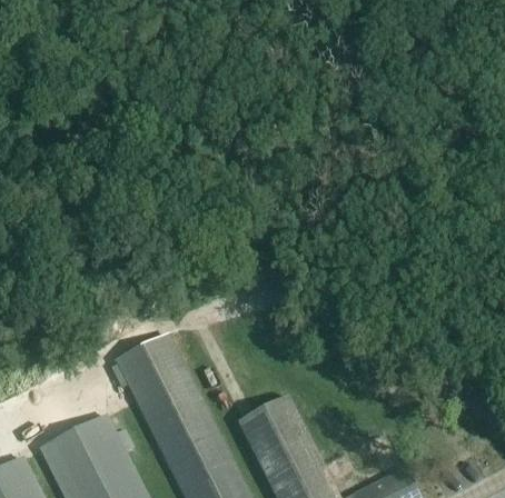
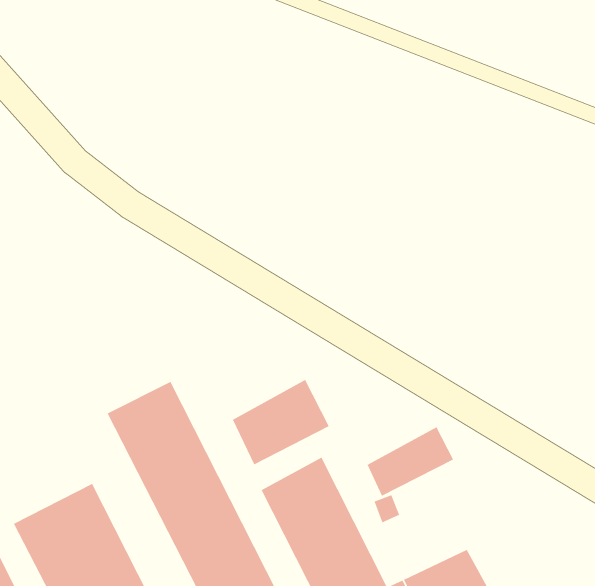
building: none -> [232,379,330,466]
building: none -> [367,426,454,497]

